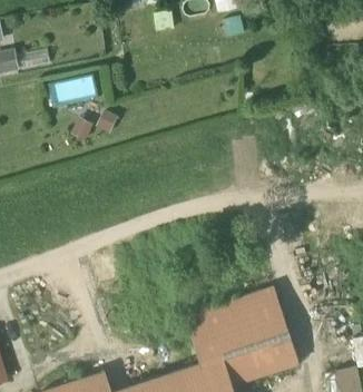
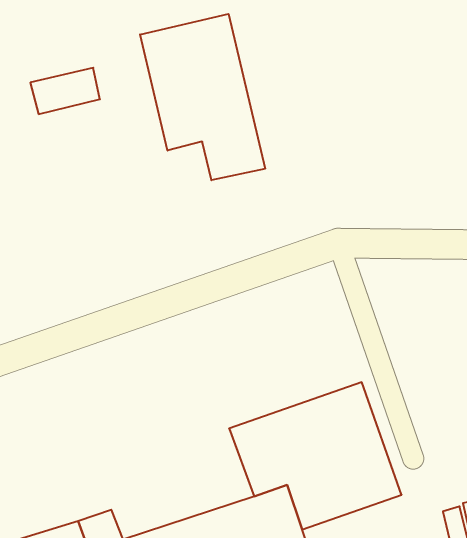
building: none -> [140,14,265,180]

